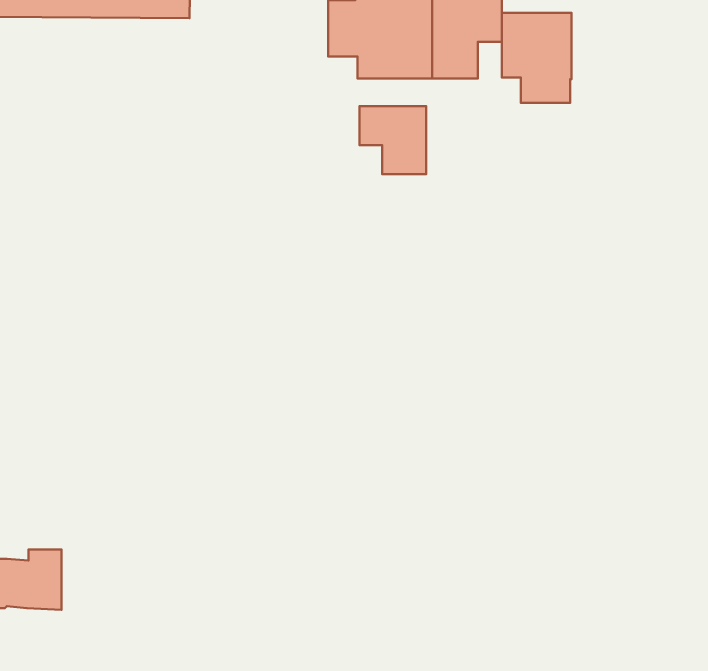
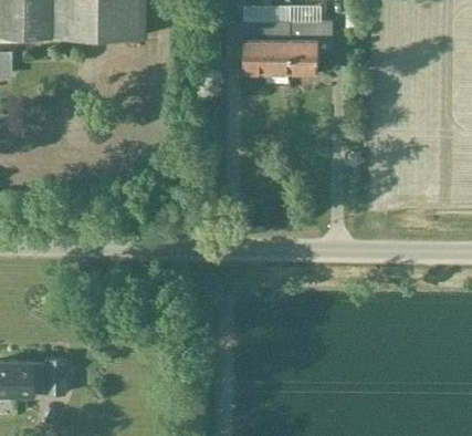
building: [502,13,572,103] -> none
building: [359,106,426,174] -> none

